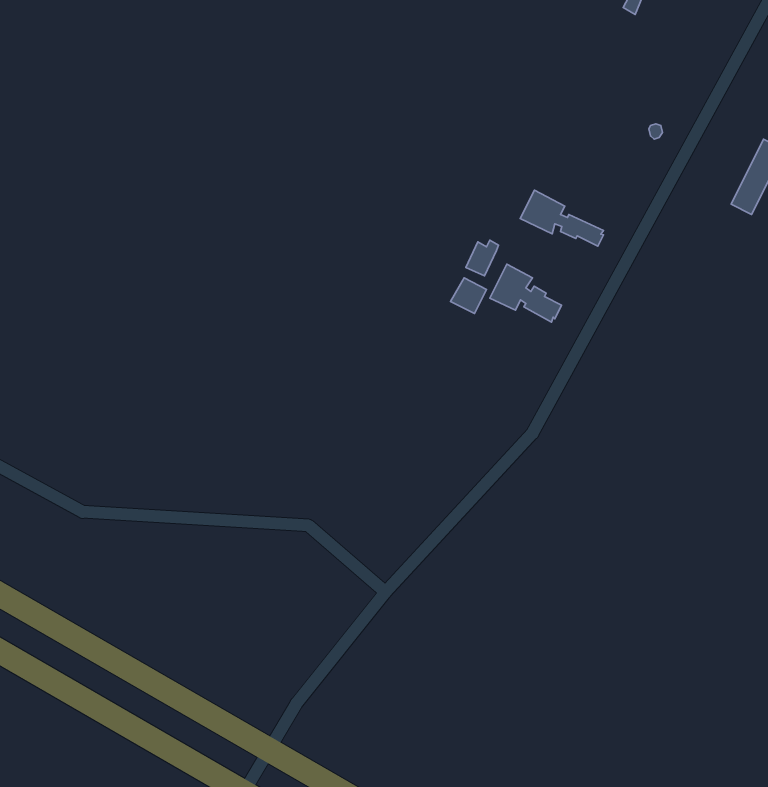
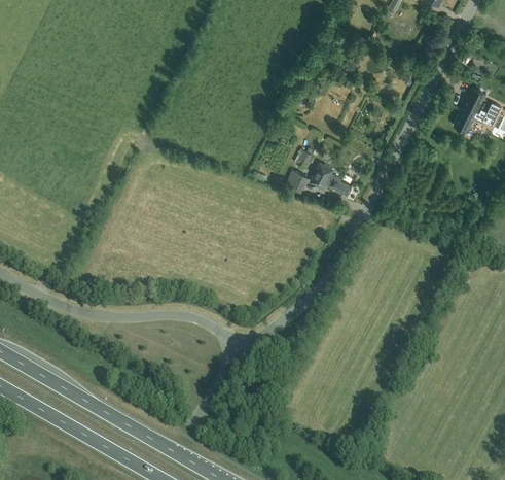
building: [520,190,604,246] -> none

